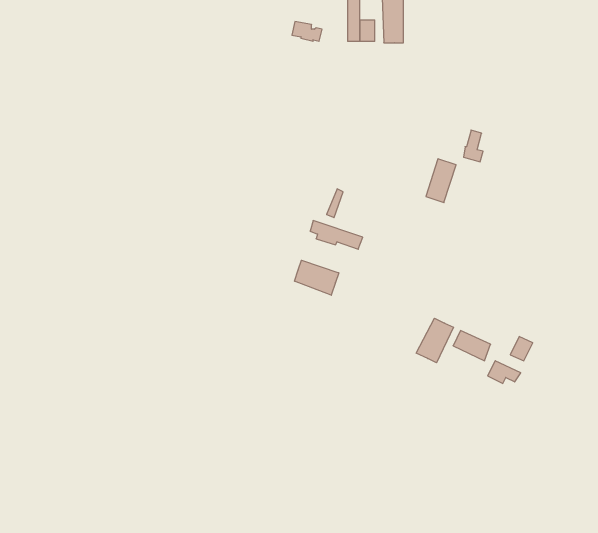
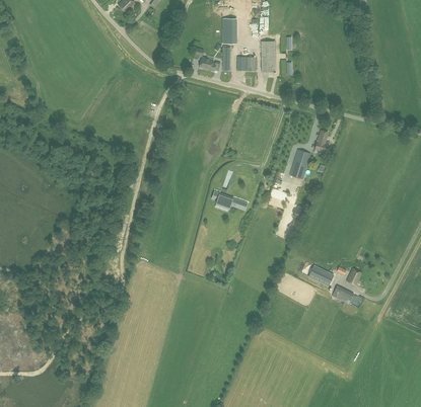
building: [295,260,339,295] -> none
building: [416,318,453,363] -> none

